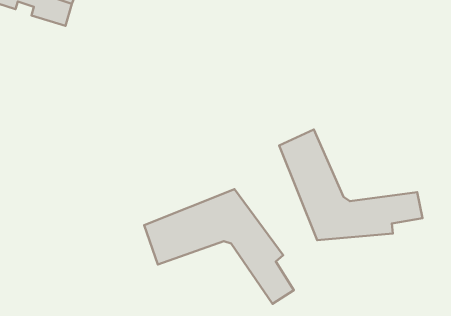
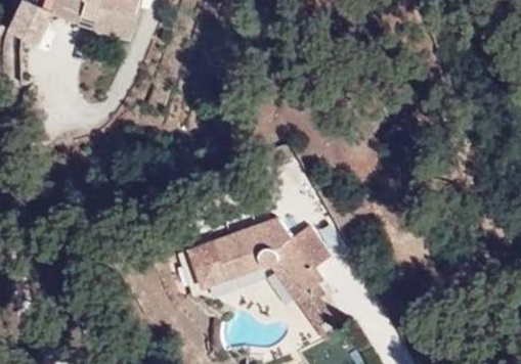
building: [279,130,423,240] -> none

